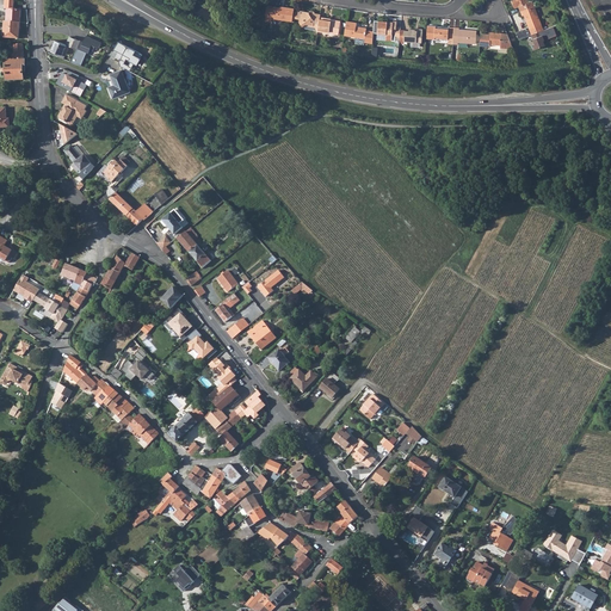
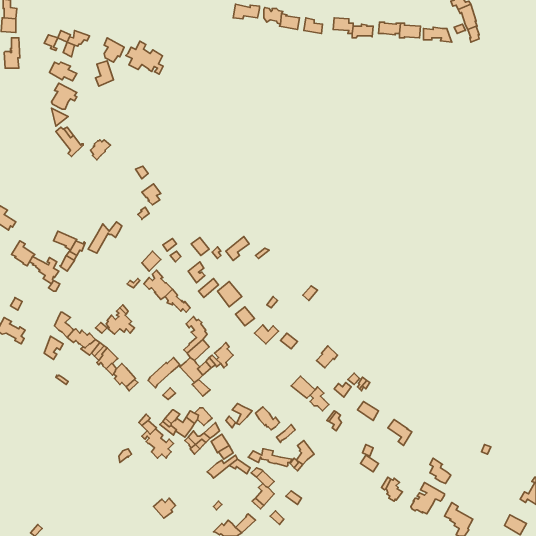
building: none -> [126,41,163,74]
building: [109,192,152,224] -> none
building: [175,227,210,267] -> none
building: [541,527,584,563] -> none

